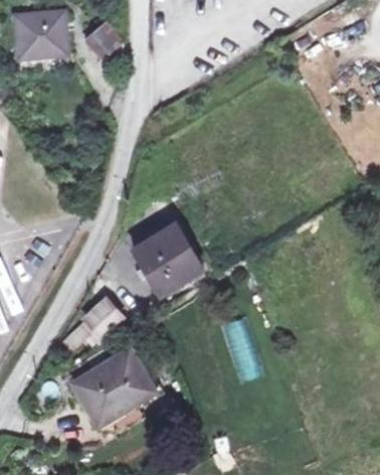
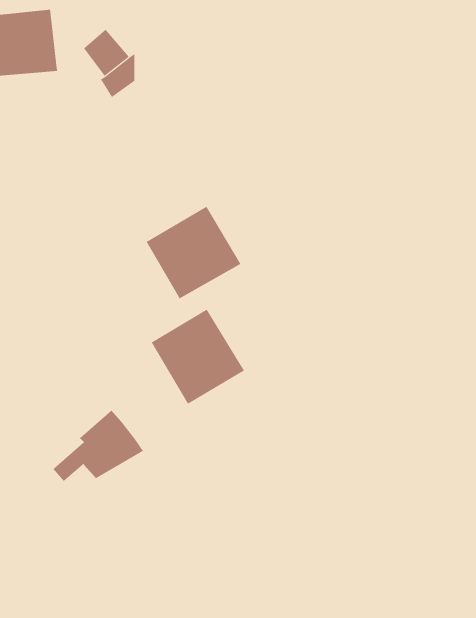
building: none -> [146,206,241,299]
building: [71,340,157,425] -> none

